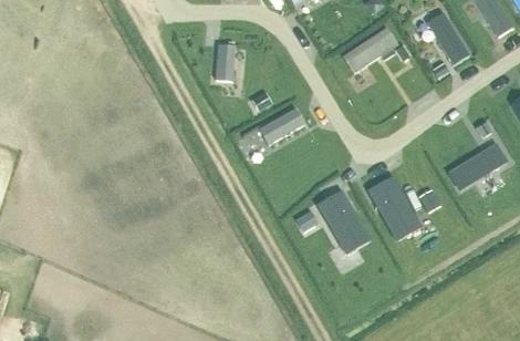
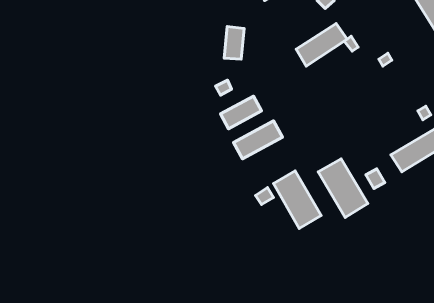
building: [427,12,469,64] -> none
building: [215,43,237,80] -> [224,26,244,59]
building: none -> [234,121,282,159]

